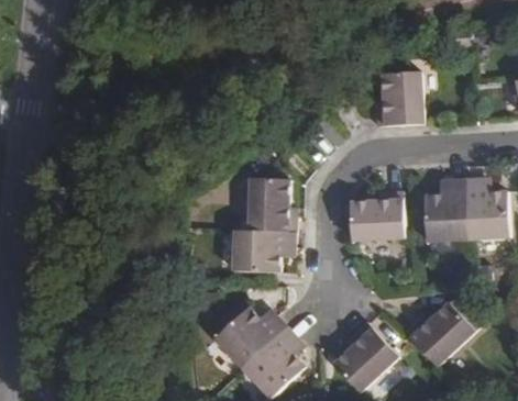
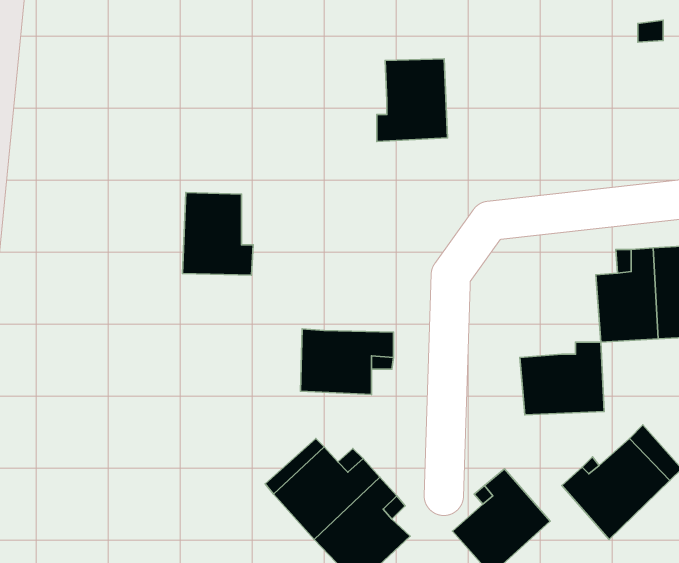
building: [376,74,422,127] -> [377,59,448,141]
building: [249,180,295,234] -> [182,192,253,275]
building: [350,192,405,240] -> [520,342,604,415]

